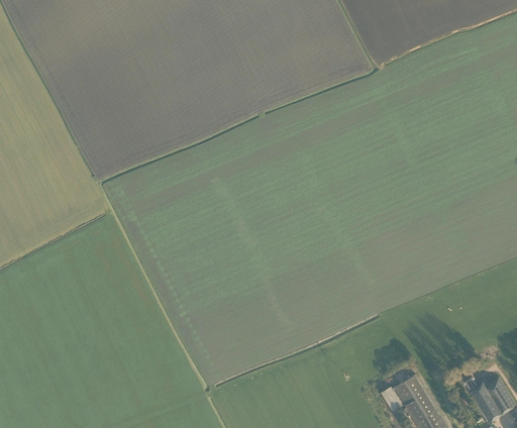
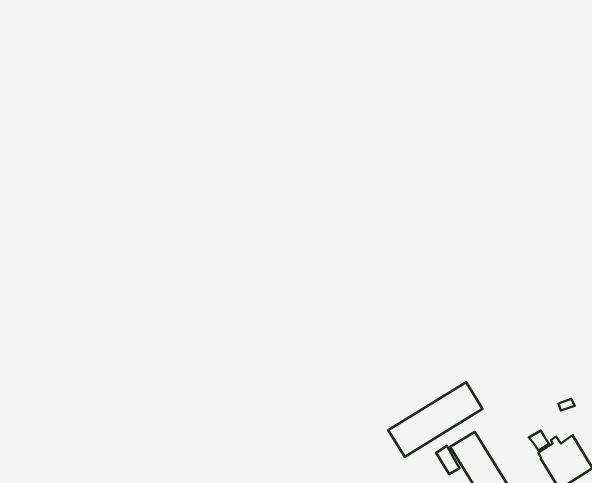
building: none -> [388,382,482,457]

